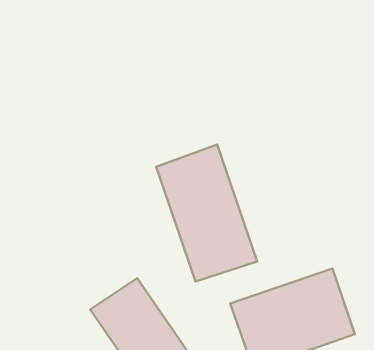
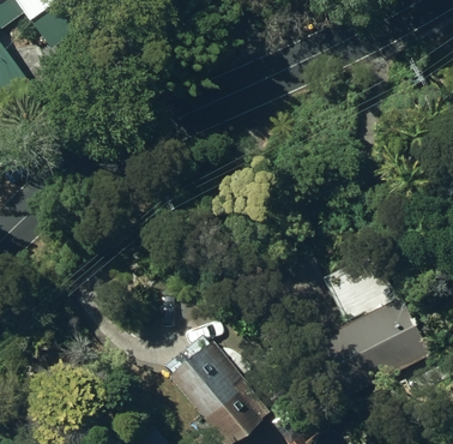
building: [156,145,257,282] -> none

